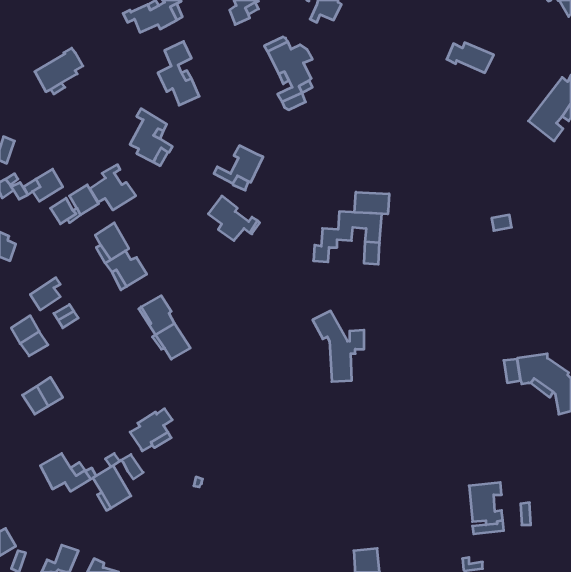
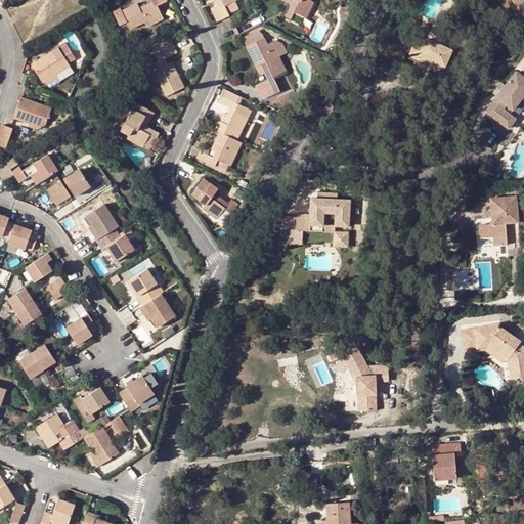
building: none -> [213,90,250,141]
building: none -> [14,98,51,129]
building: [90,165,136,210] -> none
building: [355,192,389,214] -> none
building: none -> [478,195,518,246]
building: none -> [8,223,37,251]
building: [313,311,364,382] -> [340,347,387,411]
building: none -> [68,314,98,346]
building: none -> [74,389,111,425]

